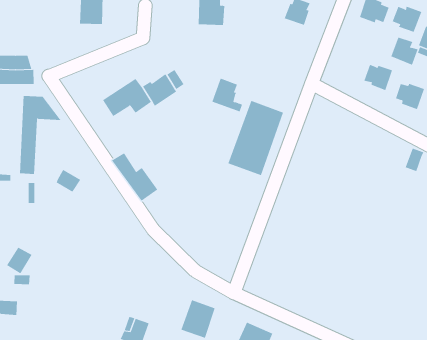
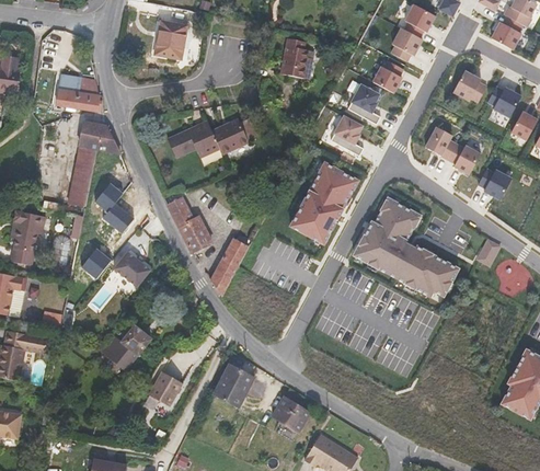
building: none -> [347,84,380,124]
building: [391,37,418,66] -> [425,127,456,160]
building: [212,78,243,112] -> [331,116,364,156]
building: none -> [353,197,458,296]
building: none -> [91,181,124,215]
building: none -> [210,238,248,295]
building: none -> [112,252,148,287]
building: [6,247,32,274] -> [81,249,111,278]
building: none -> [104,324,150,368]

